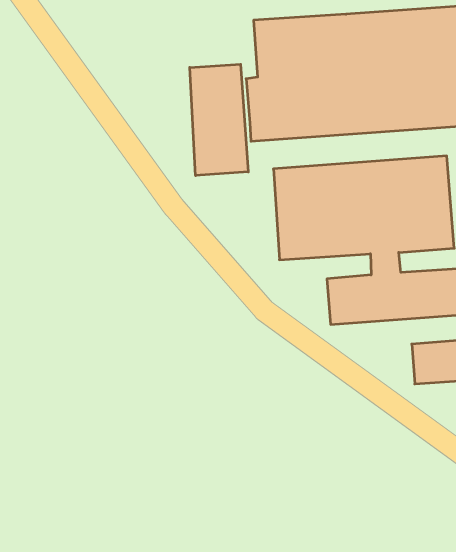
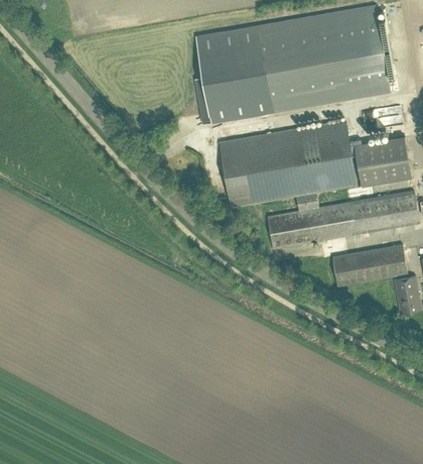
building: [190,64,248,176] -> none

